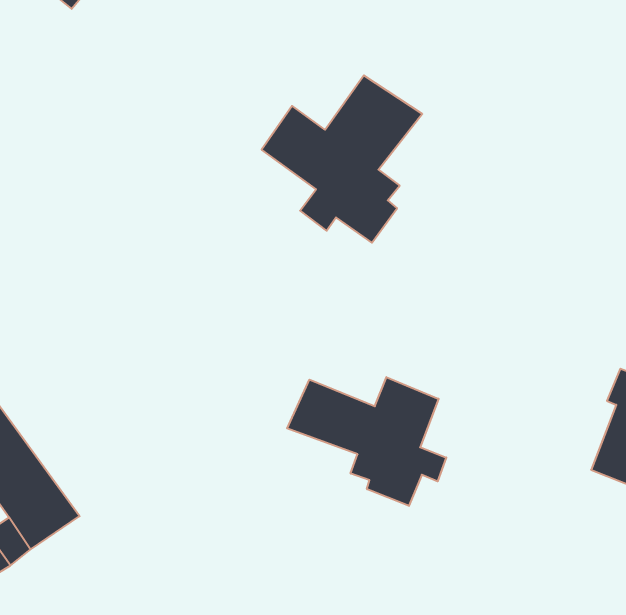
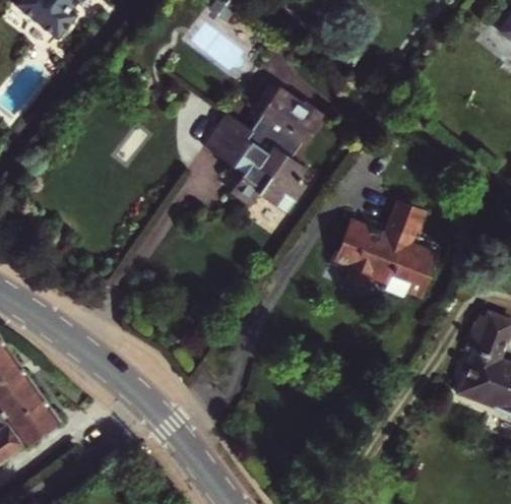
building: none -> [327,196,437,297]
building: [287,377,446,506] -> none

